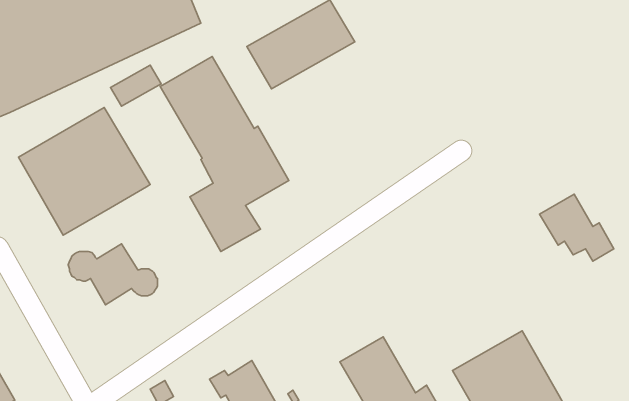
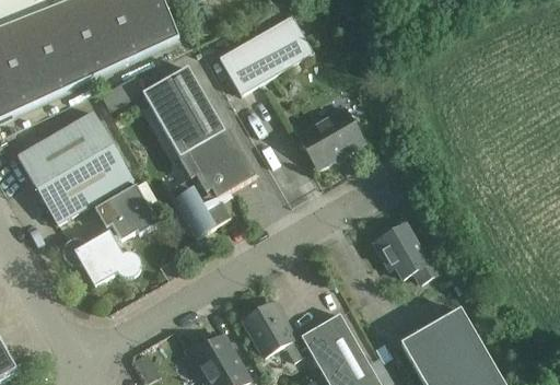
building: none -> [298,106,364,167]
building: none -> [95,180,158,240]
building: [540,194,614,261] -> [374,223,440,282]
building: none -> [243,300,304,360]

